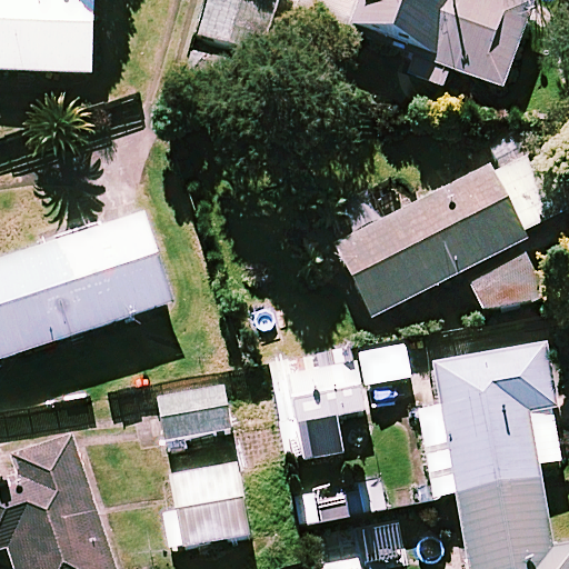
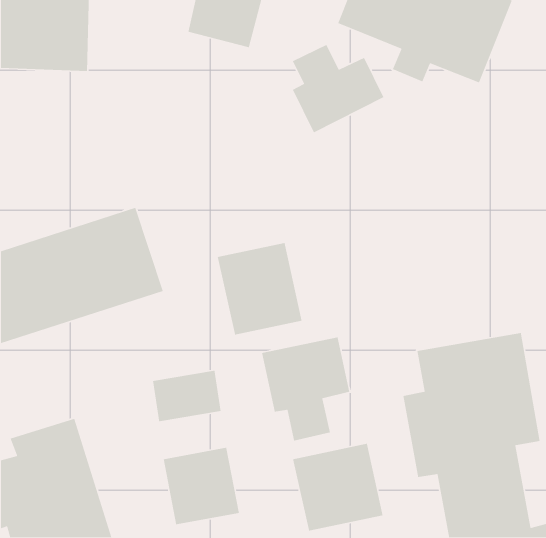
building: none -> [292,44,385,133]
building: [327,159,519,312] -> none
building: none -> [217,242,302,336]
building: none -> [292,443,383,532]

